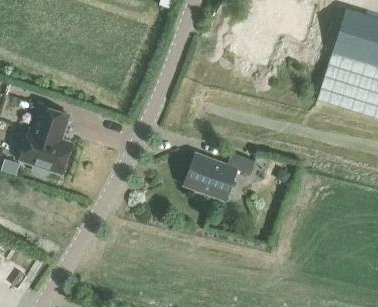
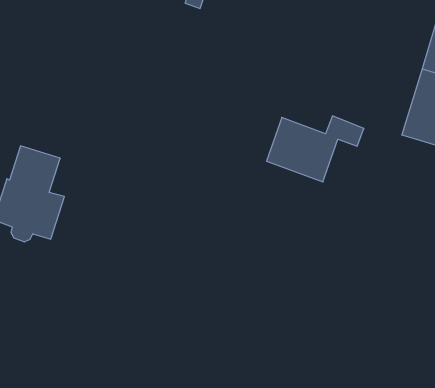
building: [183,154,254,202] -> [267,116,364,182]

